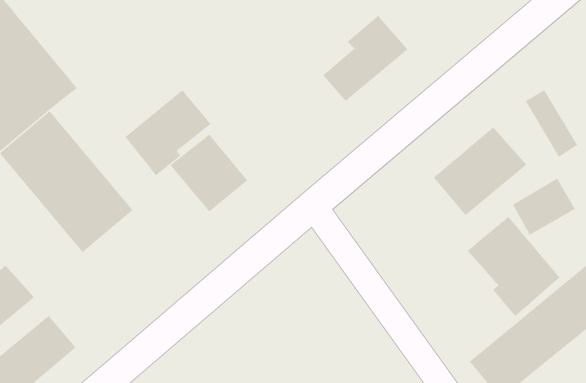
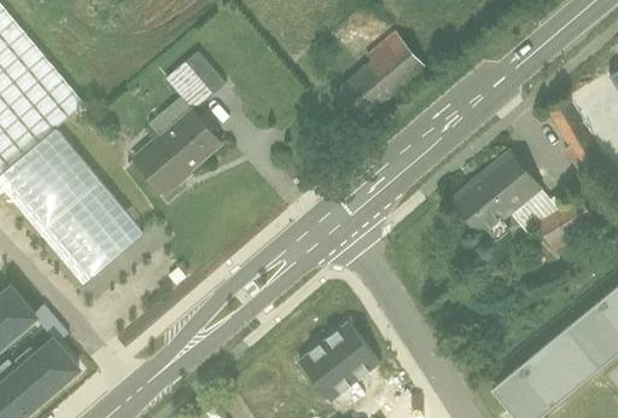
building: none -> [169,52,223,106]
building: [170,133,248,212] -> none
building: [467,216,561,317] -> none
building: none -> [293,321,380,406]

